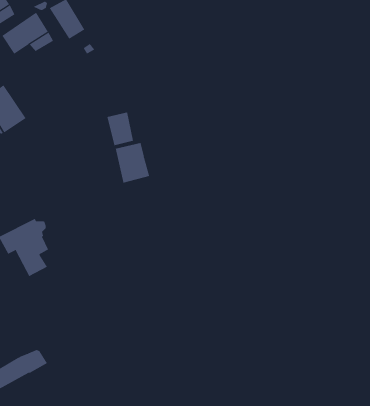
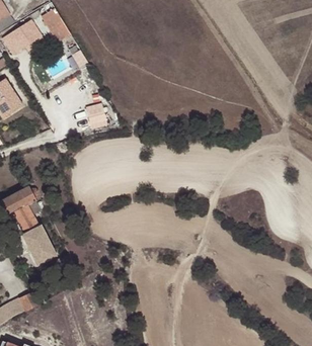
building: [115,142,150,183] -> none
building: none -> [21,226,56,265]

